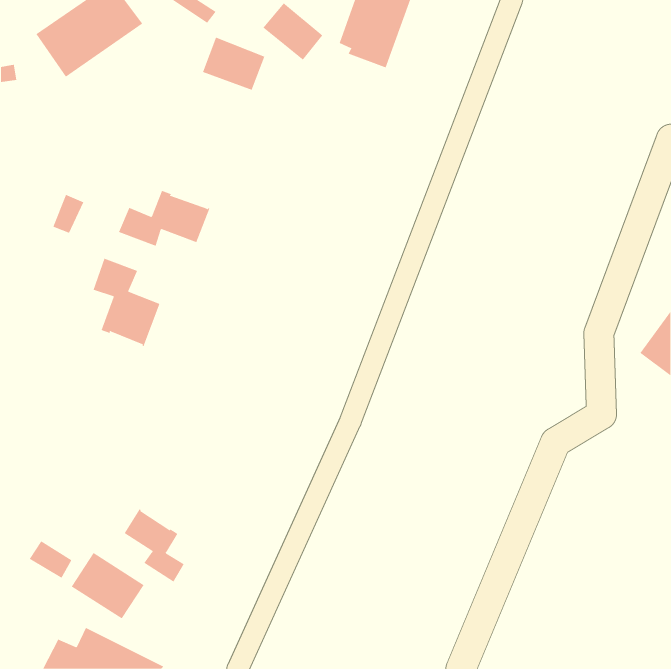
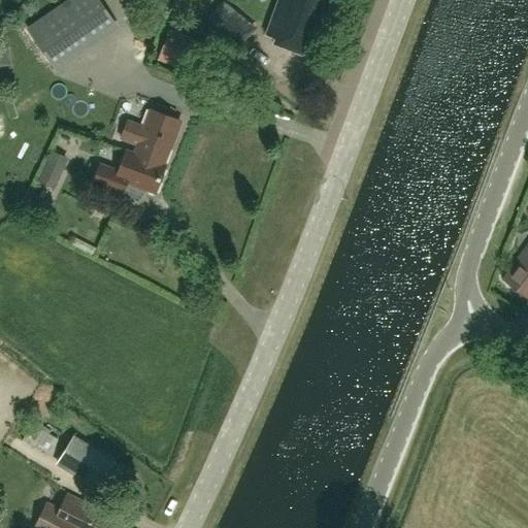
building: none -> [121,108,179,164]
building: [93,258,160,347] -> none
building: [124,509,185,582] -> none

